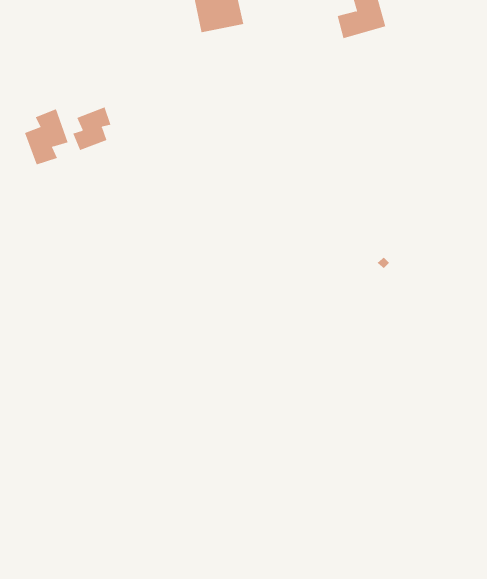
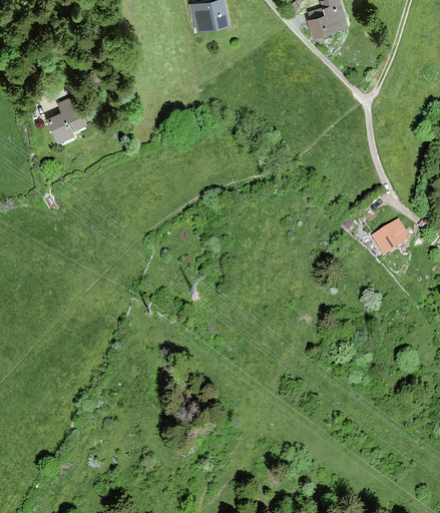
building: [72,107,111,151] -> none
building: none -> [371,220,408,252]

